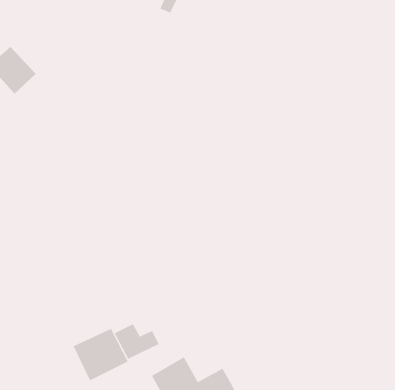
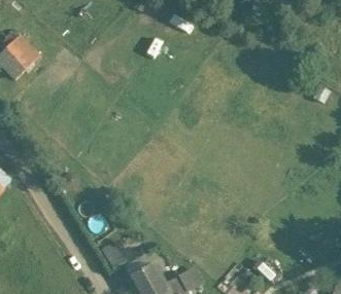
building: [73,328,129,381] -> none

